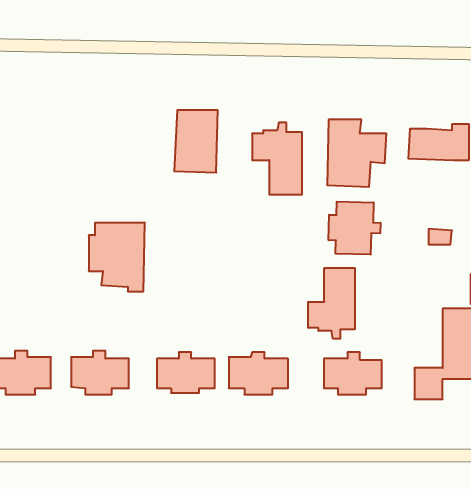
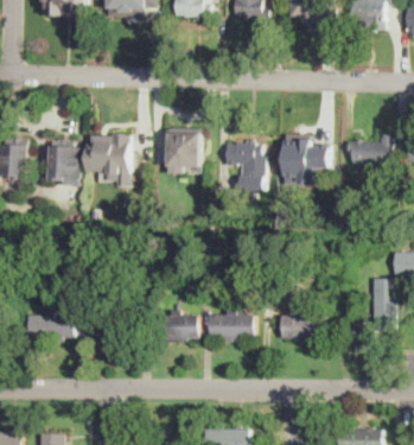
building: none -> [50,139,81,184]
building: [329,202,381,255] -> none
building: [89,223,145,291] -> [87,133,129,185]
building: [308,268,355,339] -> none

